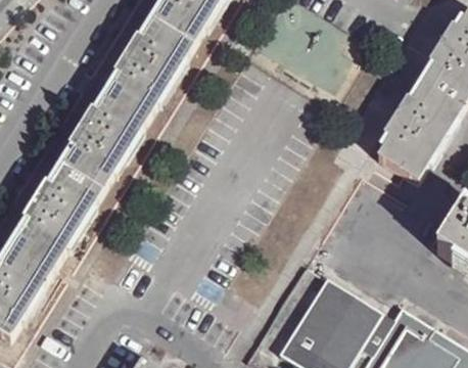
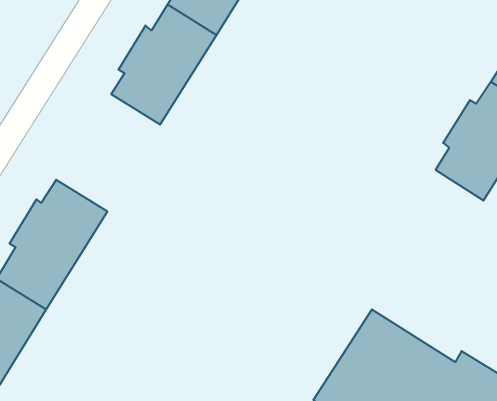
building: [61,88,148,186] -> none

